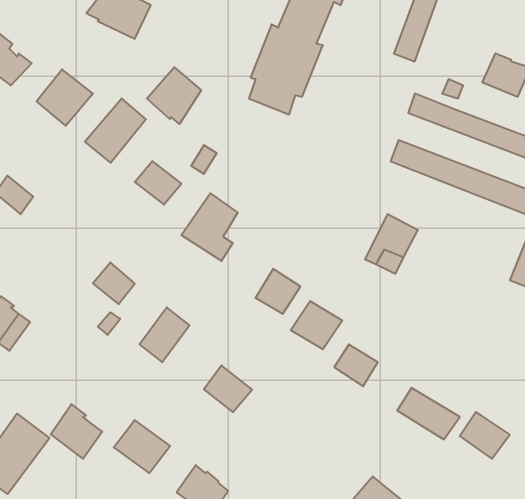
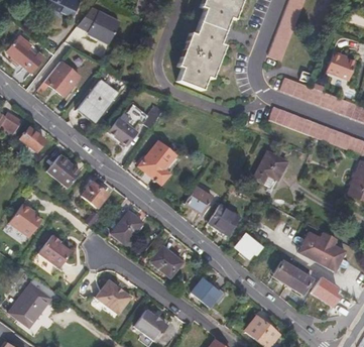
building: [147,67,201,124] -> none
building: none -> [46,155,81,188]
building: none -> [298,232,345,271]
building: [51,404,102,459] -> [39,234,72,268]
building: none -> [193,278,227,306]

